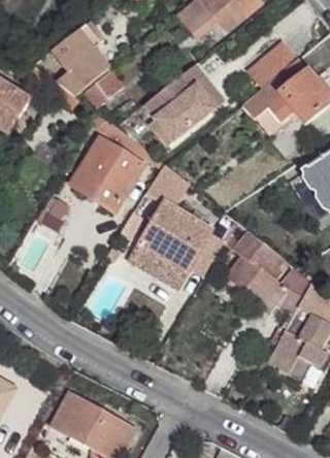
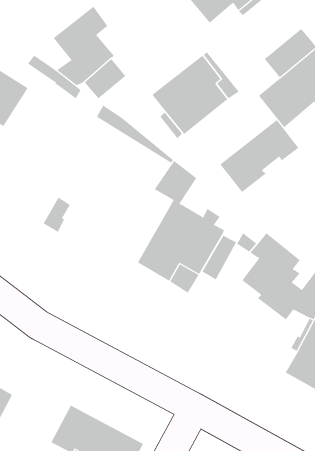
building: none -> [220,119,299,193]
building: [70,137,143,212] -> none

